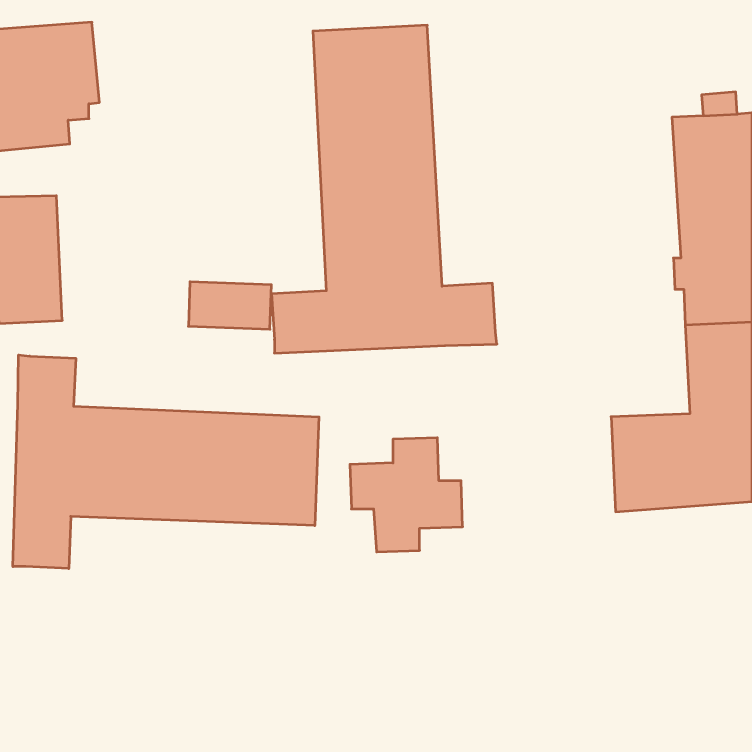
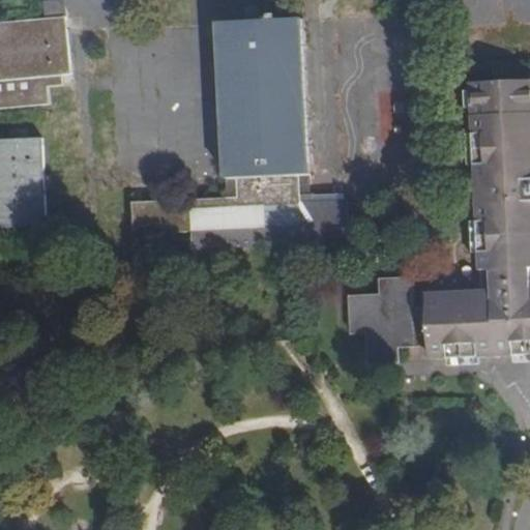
building: [13,355,319,569] -> none
building: [350,438,463,552] -> [348,279,426,359]

